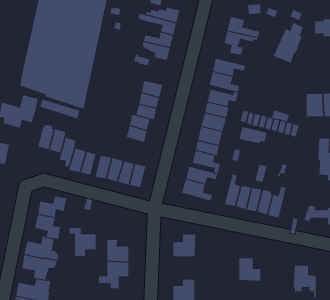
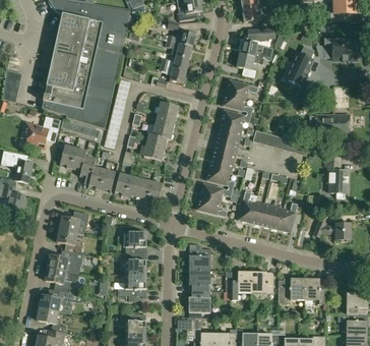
building: [69,228,96,256] -> [120,226,146,253]
building: none -> [188,270,209,291]
building: none -> [230,271,251,300]
building: none -> [278,278,304,302]

